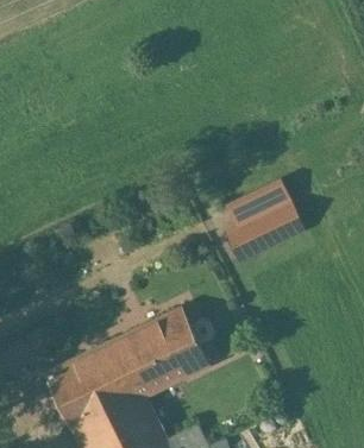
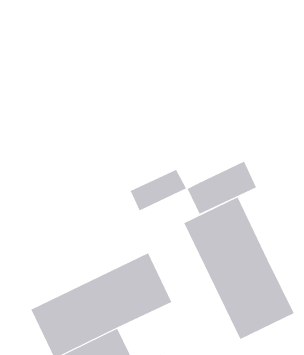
building: [225,178,290,227] -> [130,169,187,211]
building: none -> [184,196,295,340]

